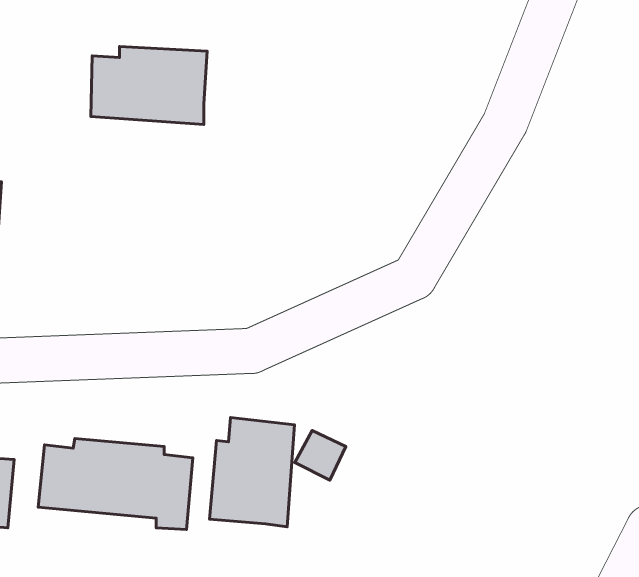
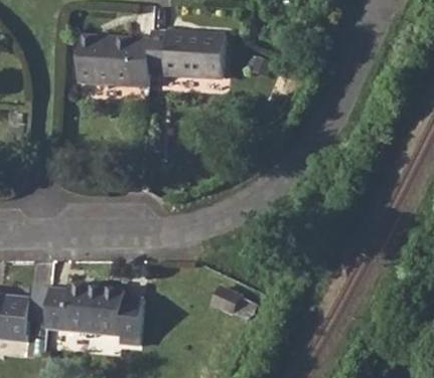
building: none -> [149,30,227,79]
building: [210,418,294,527] -> none

